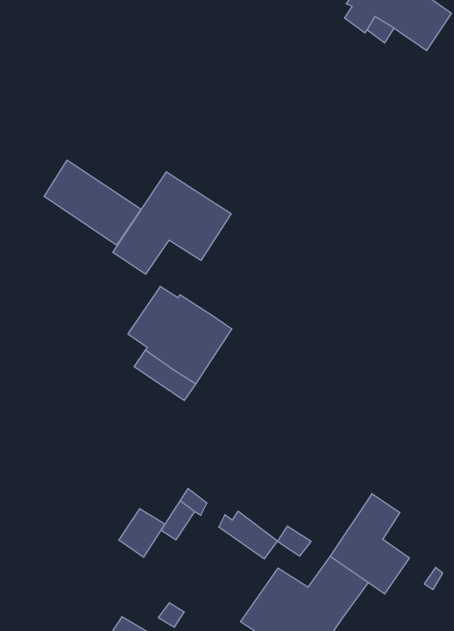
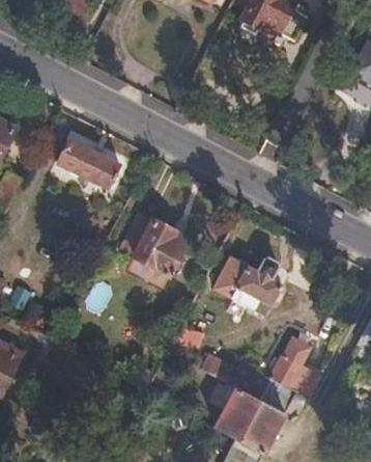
building: [113,172,231,274] -> none
building: none -> [211,255,281,317]

